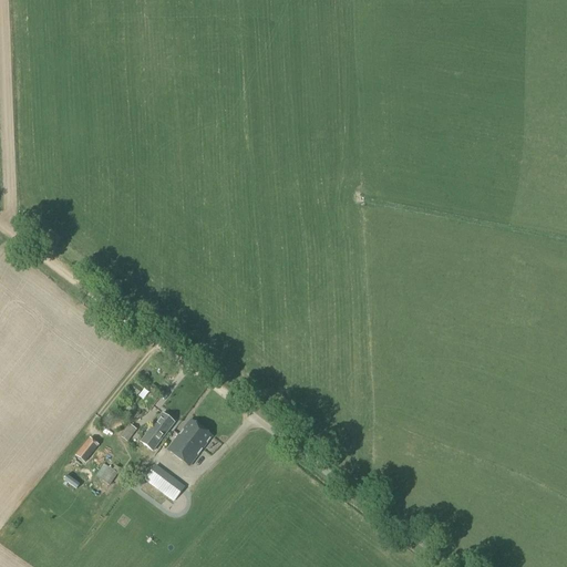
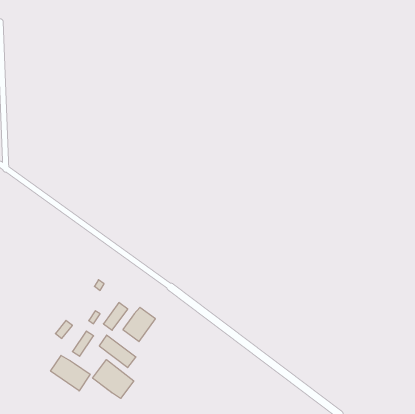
building: none -> [51,355,90,391]
building: none -> [93,360,134,398]

